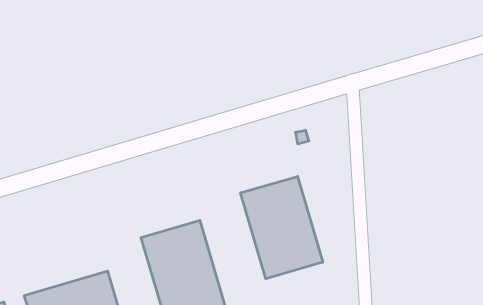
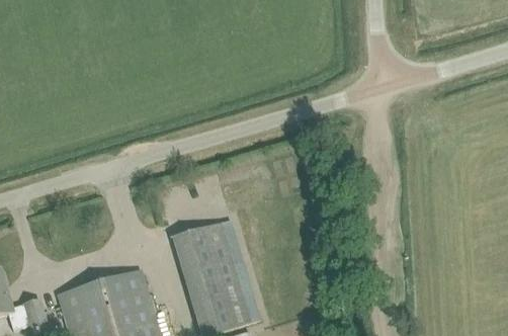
building: [241,176,323,279] -> none

